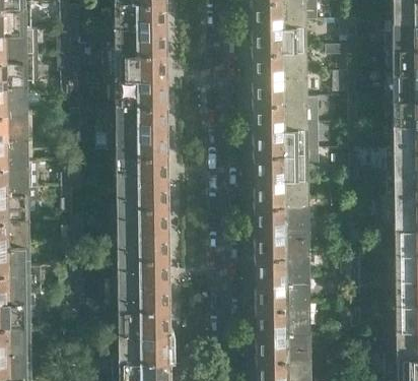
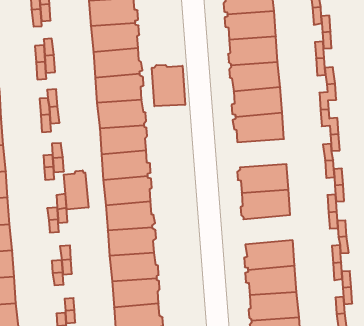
building: none -> [152,65,185,106]
building: [257,172,306,197] -> none
building: none -> [64,170,88,210]
building: [258,248,307,274] -> none

